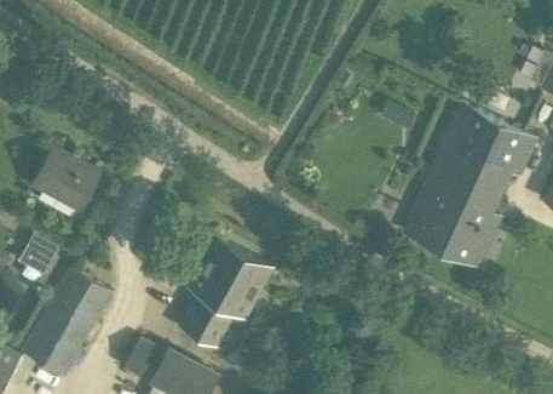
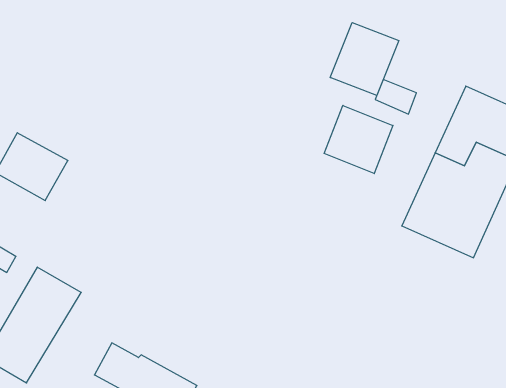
building: none -> [330,23,399,96]
building: none -> [324,105,393,174]
building: [179,239,272,348] -> none

